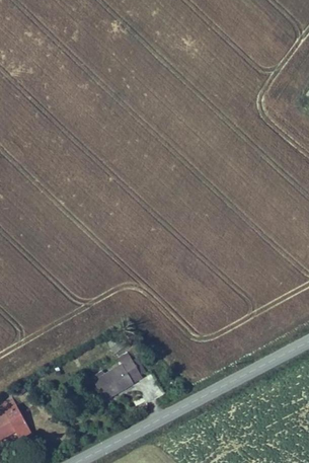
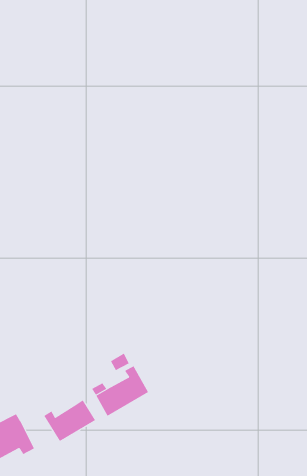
building: none -> [44,400,96,442]

